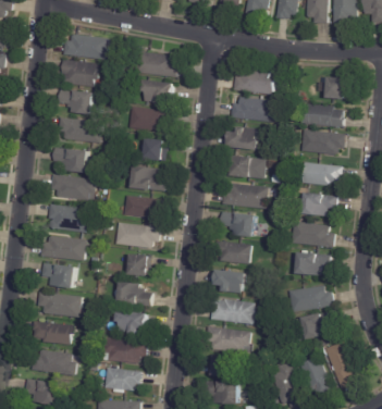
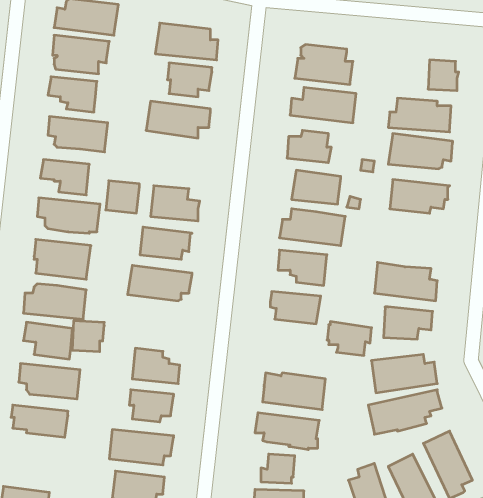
building: [143,137,167,160] -> [106,181,139,213]
building: [301,191,336,215] -> none
building: [128,253,151,275] -> [72,321,104,352]
building: [214,269,246,293] -> [327,322,372,355]
building: [30,348,75,375] -> none

